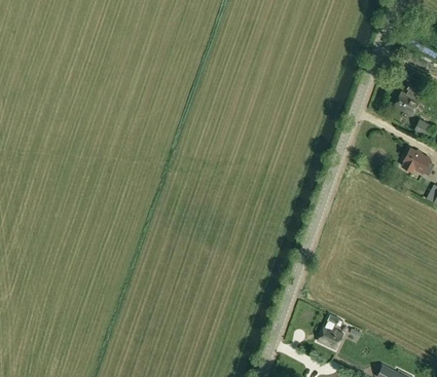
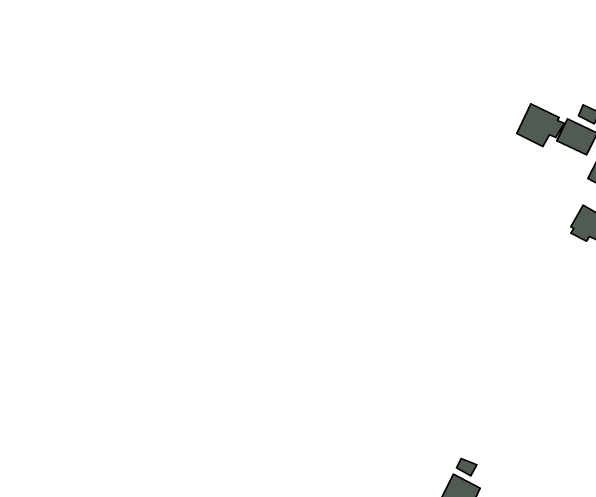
building: none -> [517,104,564,146]

